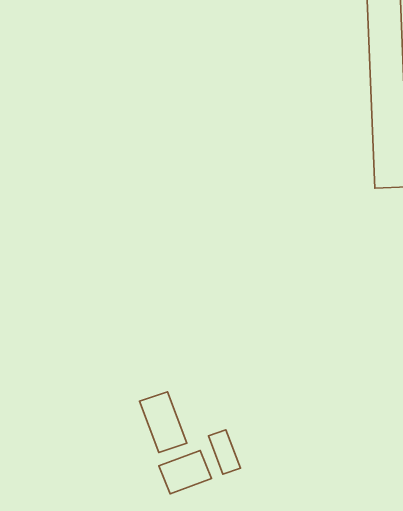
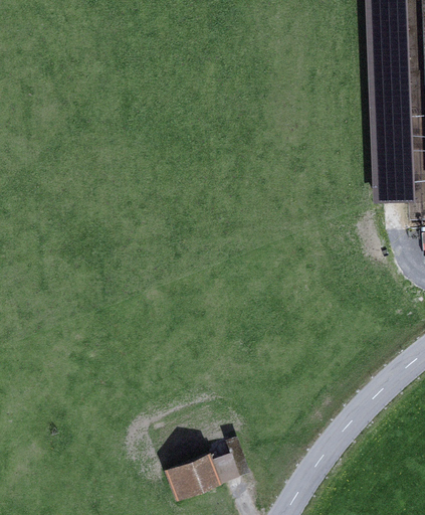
building: [140,392,187,452] -> none

